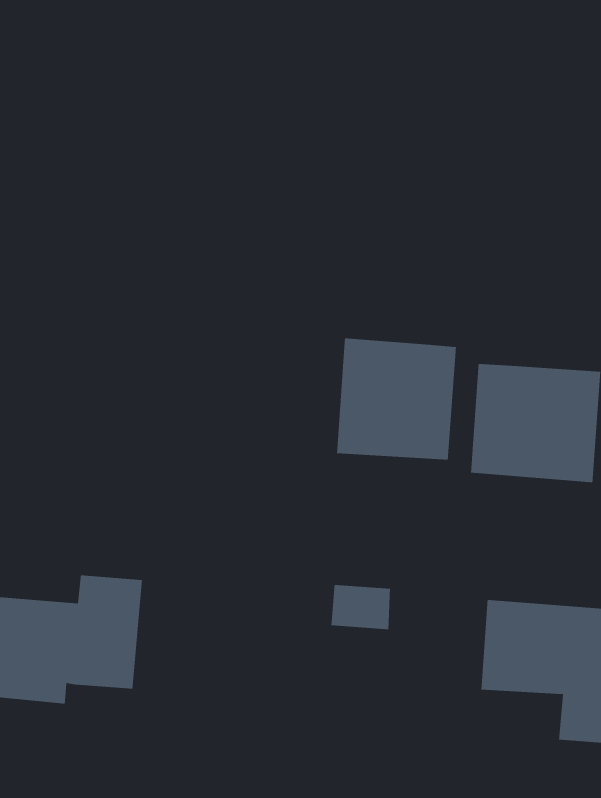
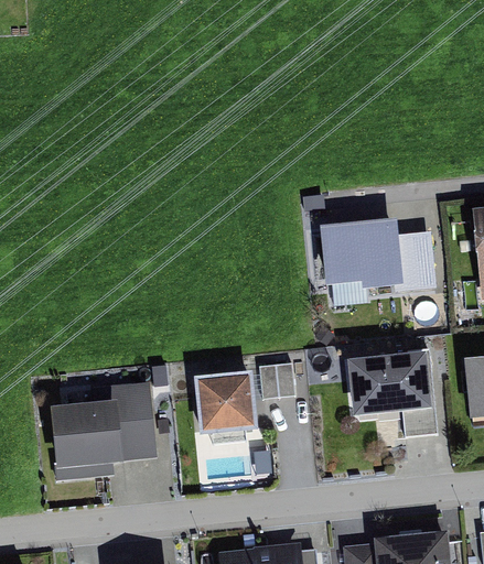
building: [336,338,457,461] -> none
building: none -> [195,372,257,435]

